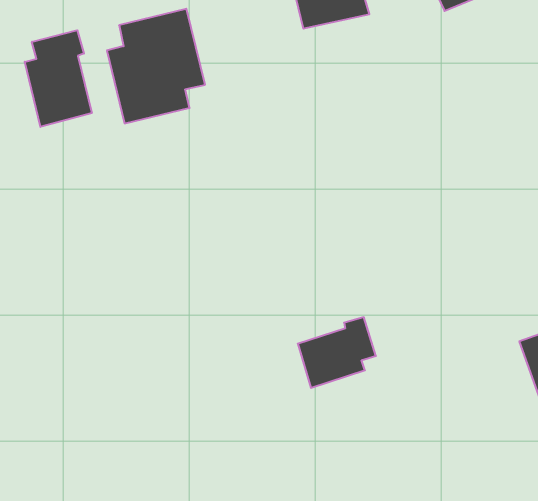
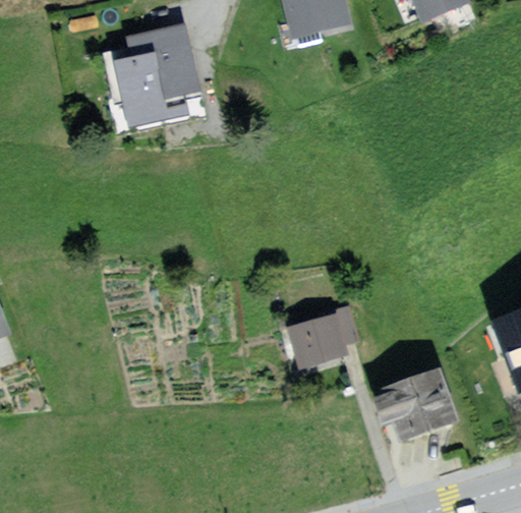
building: [25,30,92,127] -> none
building: none -> [372,366,457,439]

